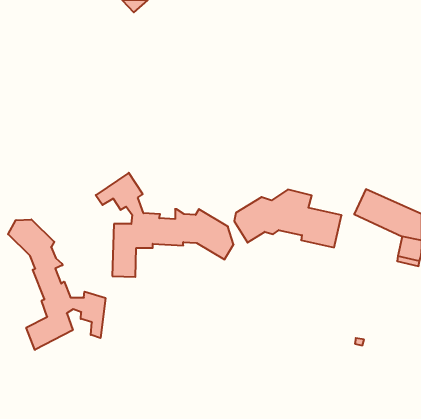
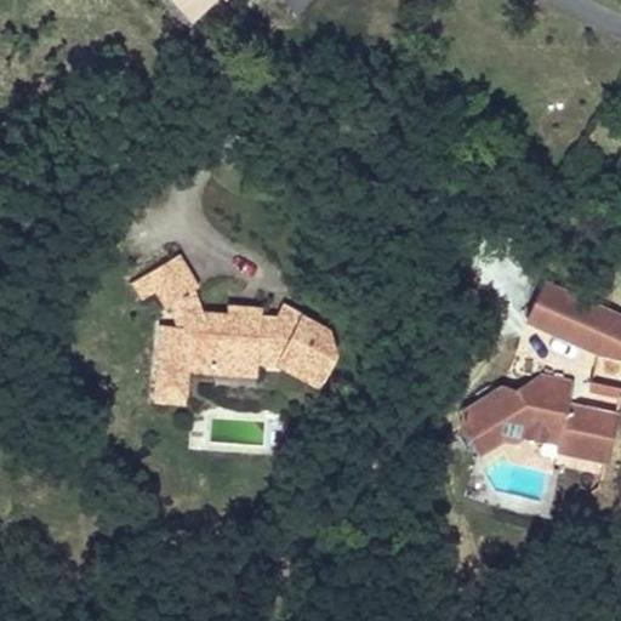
building: [234,190,342,247] -> [455,376,613,461]
building: [8,219,105,350] -> none

